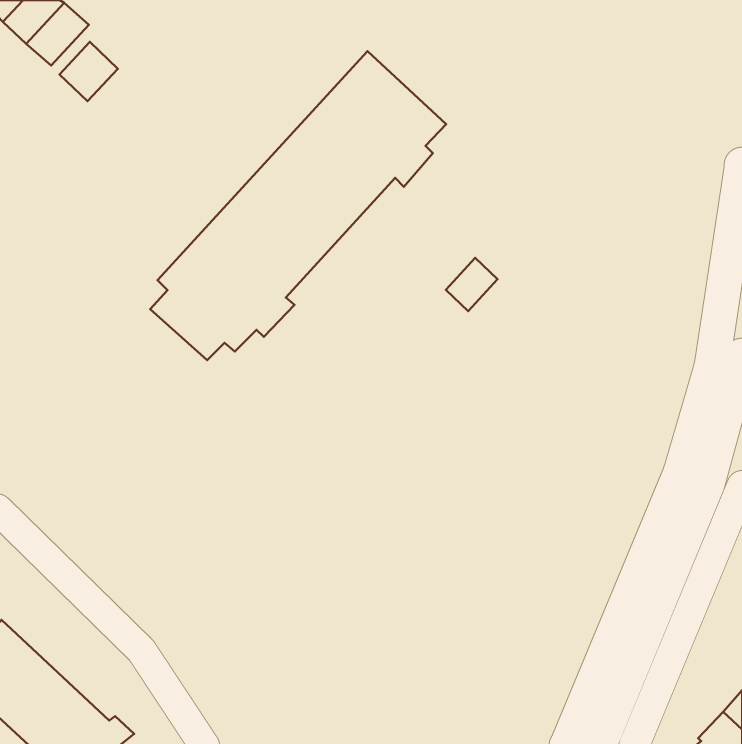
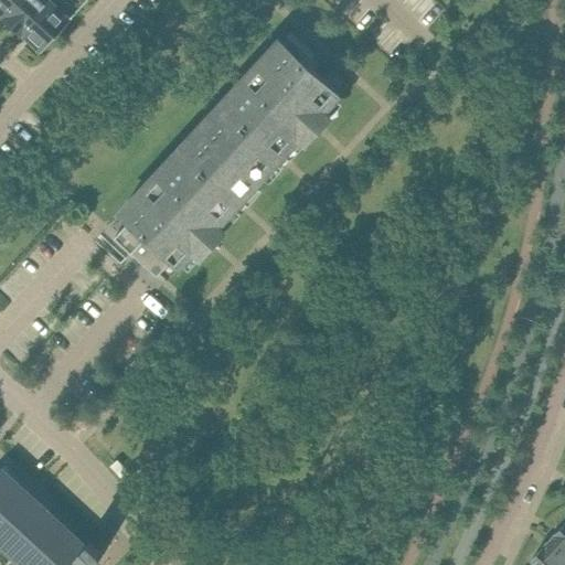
building: [60,42,118,101] -> none
building: [446,258,497,311] -> none

